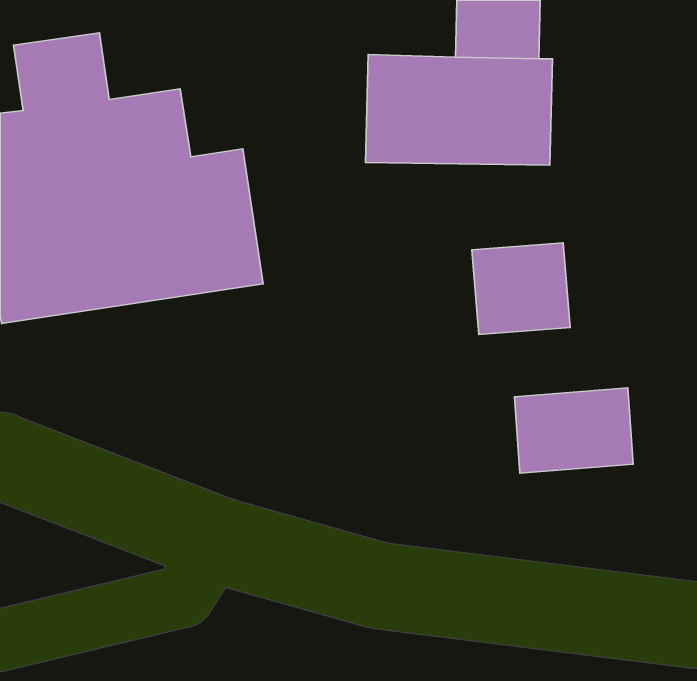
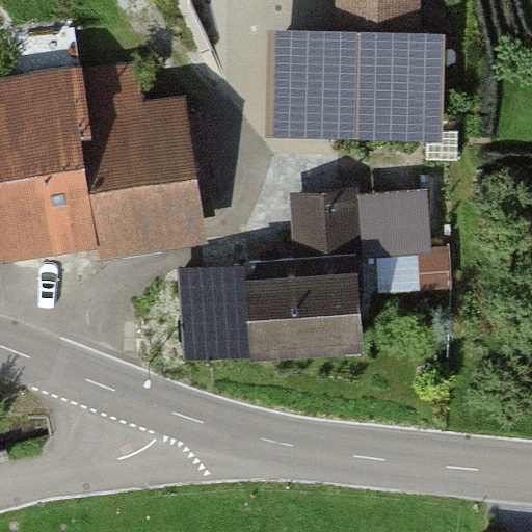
building: none -> [185,206,364,364]
building: [514,388,633,473] -> none

